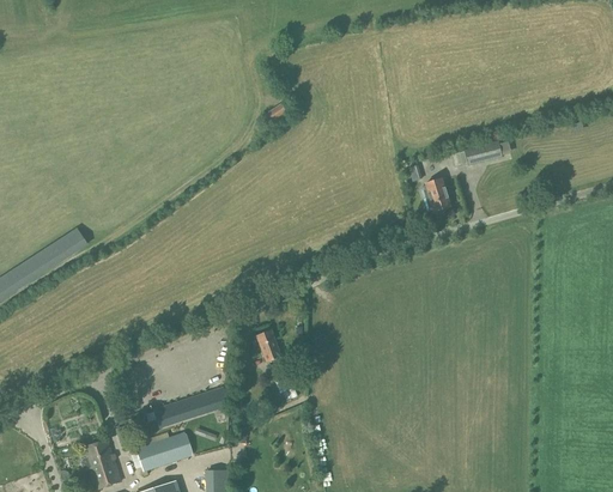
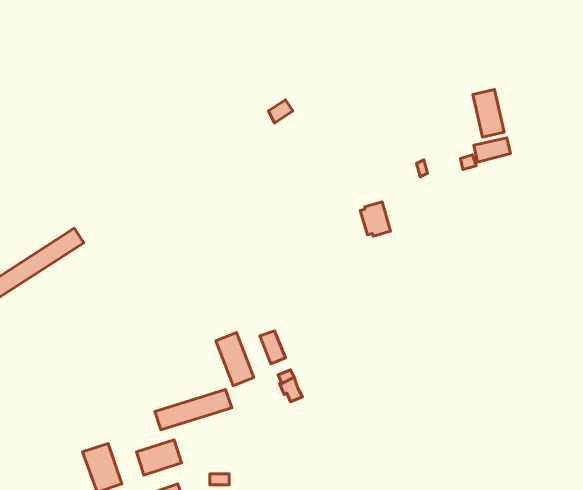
building: none -> [473,89,504,137]
building: [421,177,451,211] -> [360,202,391,236]
building: none -> [216,333,254,386]

